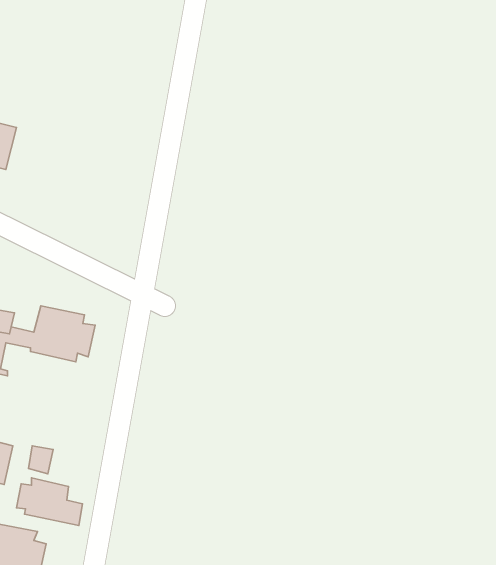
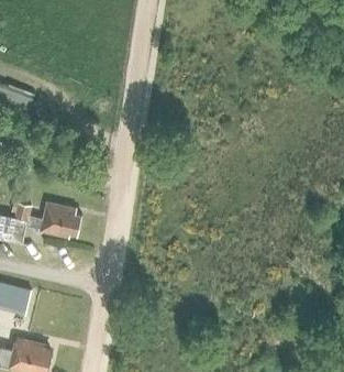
building: [16,478,83,526] -> none

